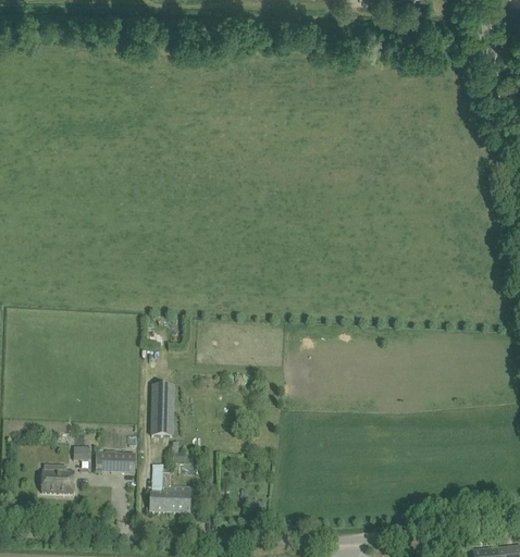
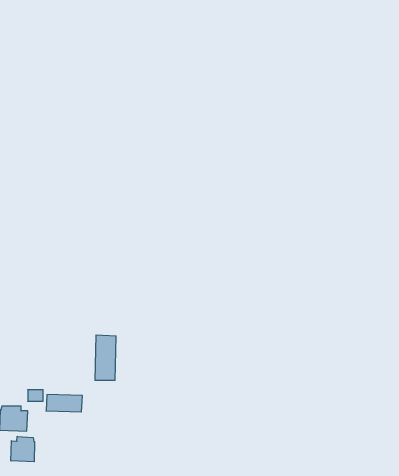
building: [149,471,190,512] -> none
building: none -> [11,436,35,462]

